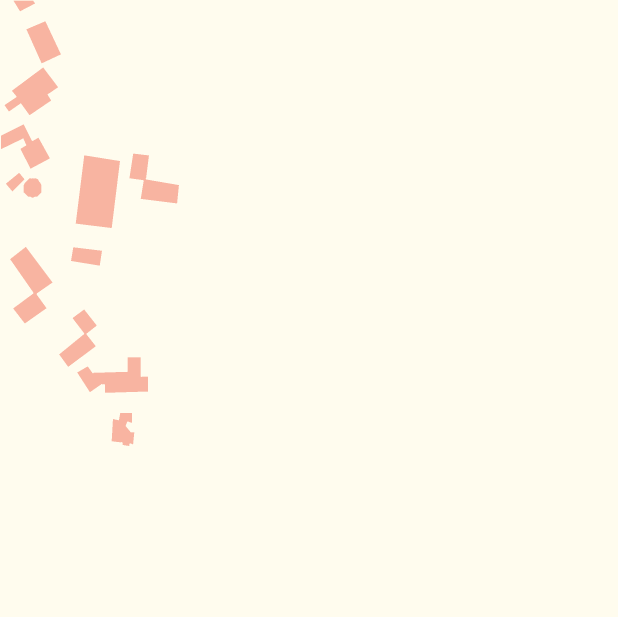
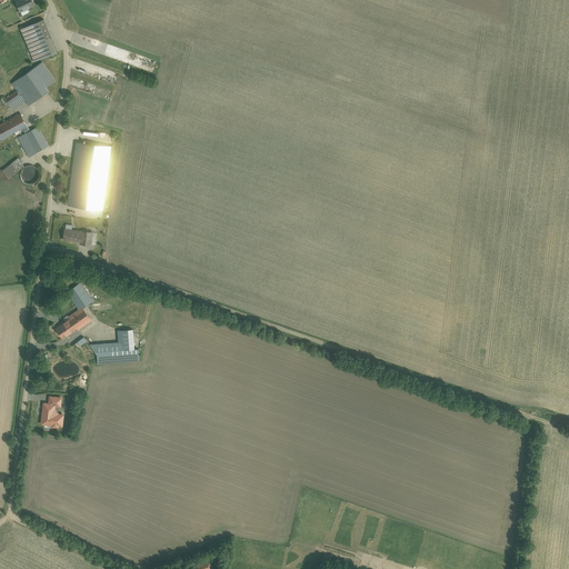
building: [129,153,180,204] -> none
building: [9,246,54,325] -> none
building: [111,412,135,446] -> [43,399,66,430]

